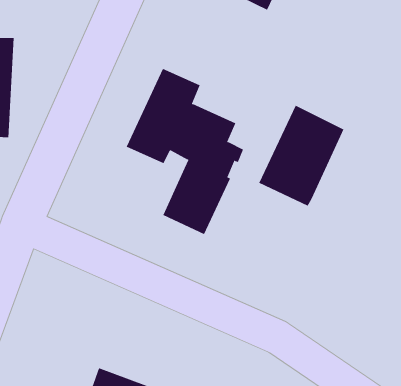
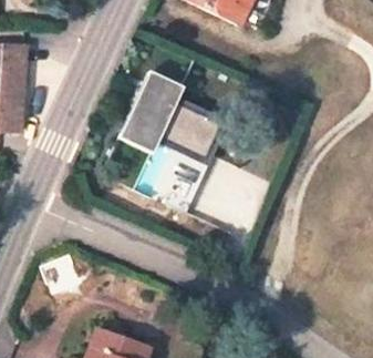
building: [259,105,344,207] -> none

